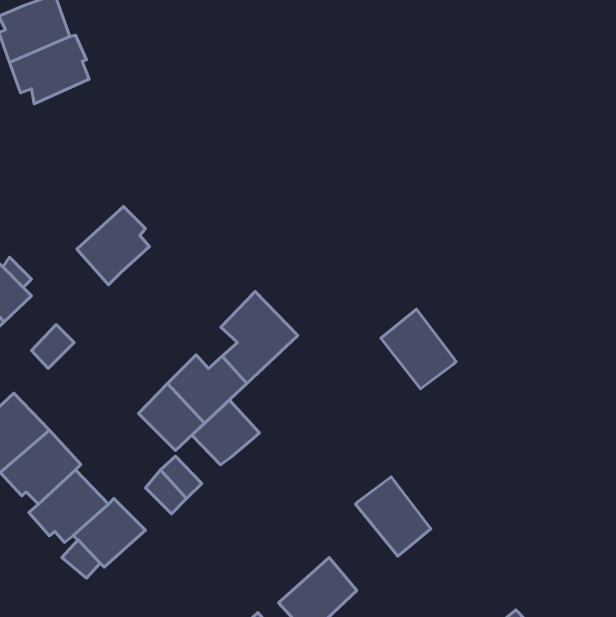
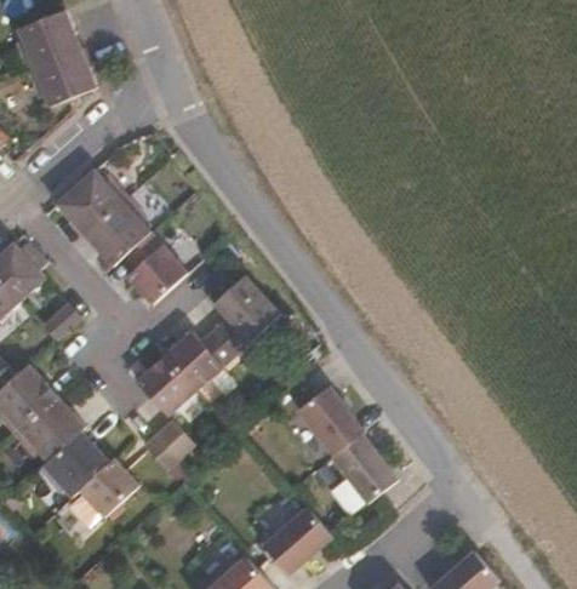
building: none -> [55,170,125,238]
building: none -> [122,233,187,305]
building: [381,309,456,389] -> [297,388,364,458]
building: [192,400,260,465] -> none

